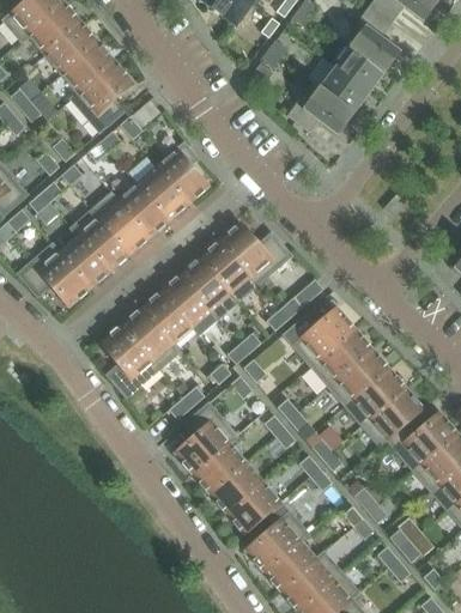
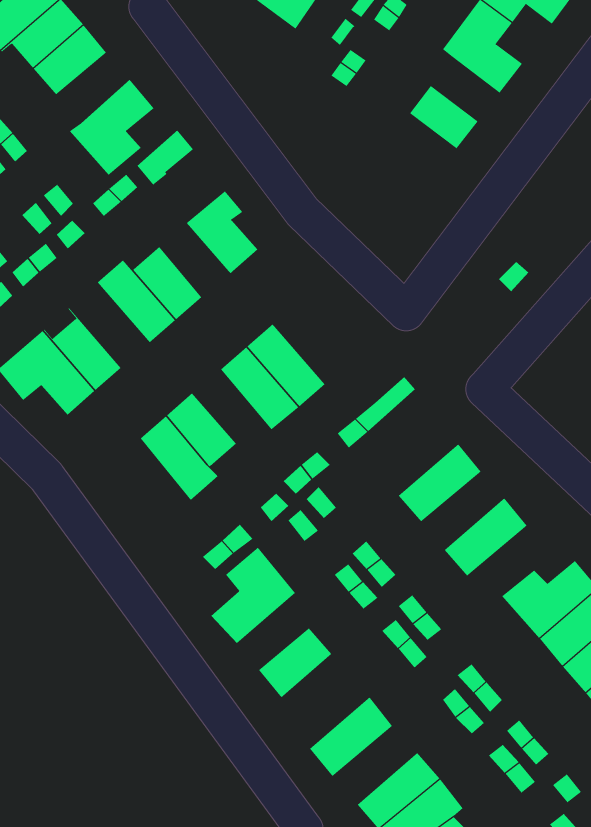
building: [61,42,115,93] -> none
building: [334,45,384,92] -> none
building: [286,80,353,135] -> none
building: [137,166,188,220] -> none
building: [71,210,129,272] -> none
building: [219,223,291,284] -> none
building: [160,273,218,327] -> none
building: [292,306,354,365] -> none
building: [101,323,159,396] -> none
building: [327,347,388,405] -> none
building: [360,387,423,445] -> none
building: [193,436,245,492] -> none
building: [225,480,280,533] -> none
building: [262,533,324,590] -> none

